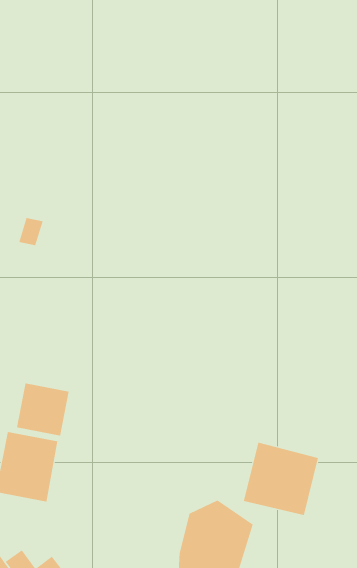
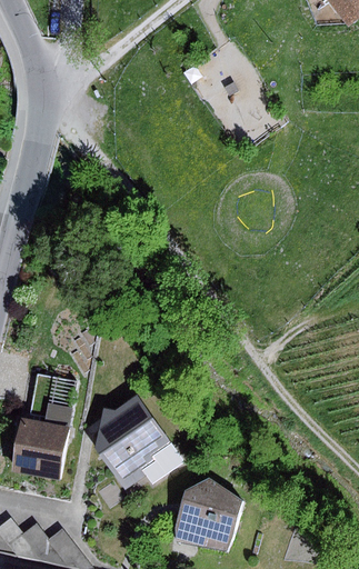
building: none -> [94,396,168,492]
building: [243,442,319,516] -> none

